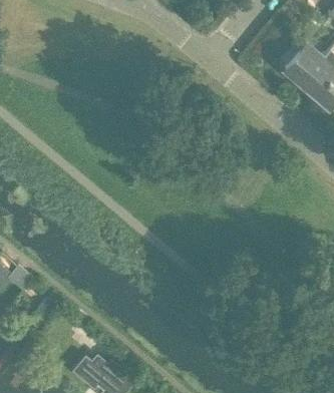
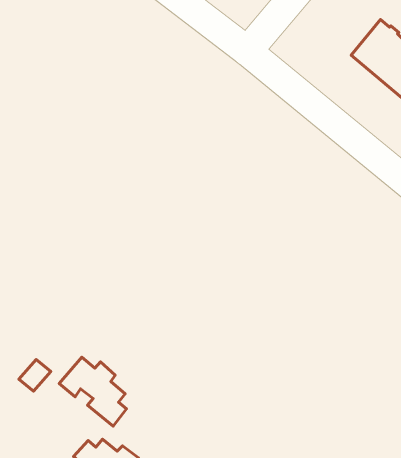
building: none -> [59,357,127,426]

